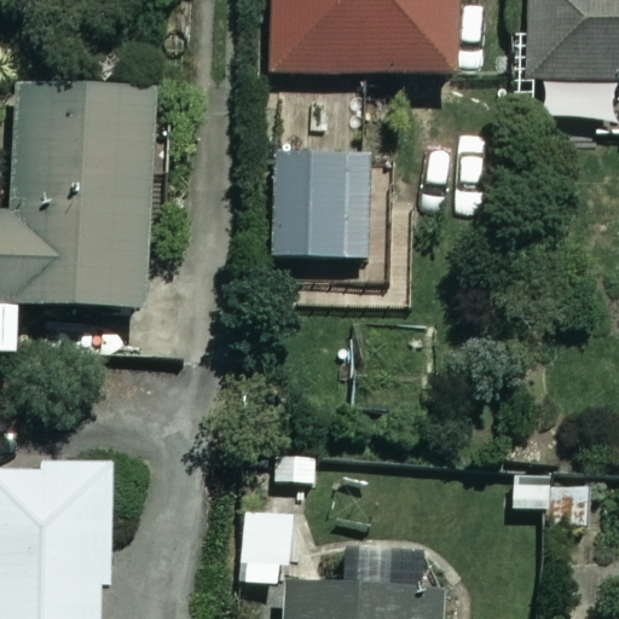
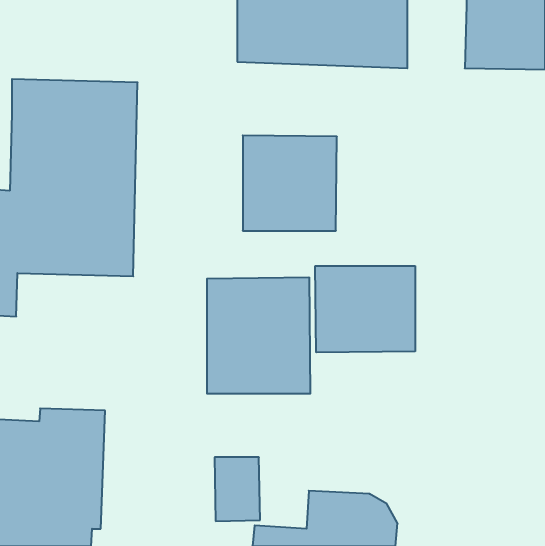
building: none -> [315,266,415,352]
building: none -> [207,277,310,394]

